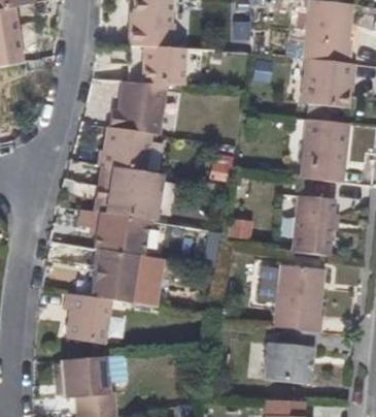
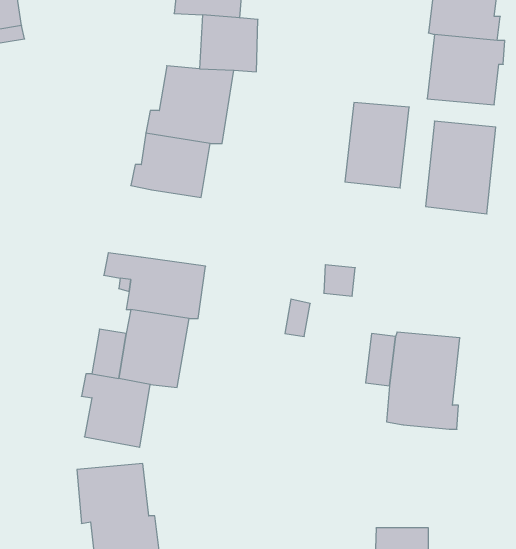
building: [104,167,162,222] -> none
building: [290,196,335,255] -> [345,103,409,188]
building: [129,256,161,308] -> none
building: [263,329,316,384] -> none

